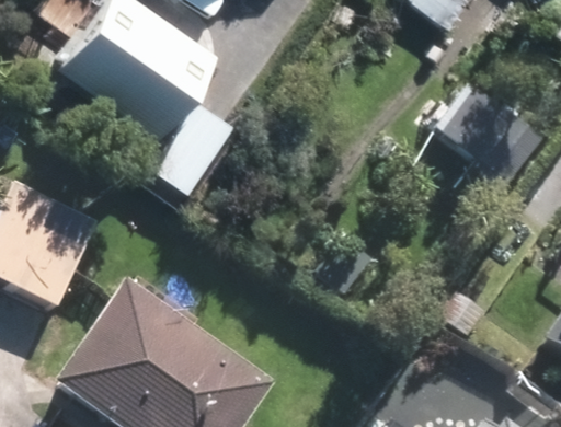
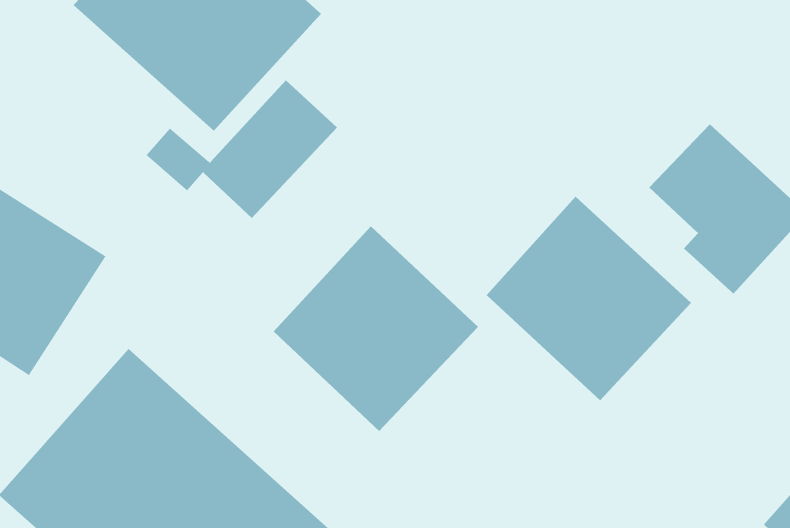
building: none -> [486,196,692,401]
building: none -> [273,225,479,432]

